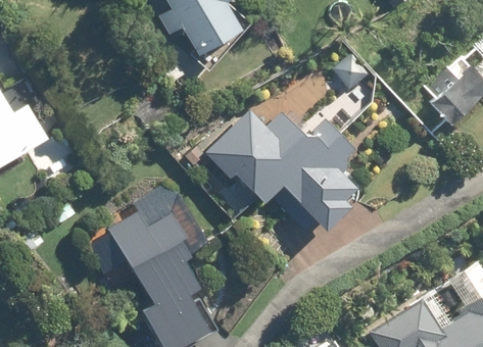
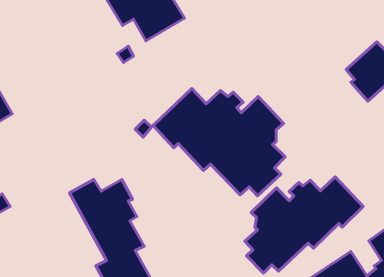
building: none -> [245,177,363,273]

